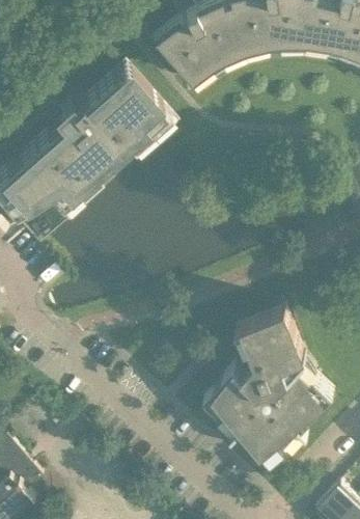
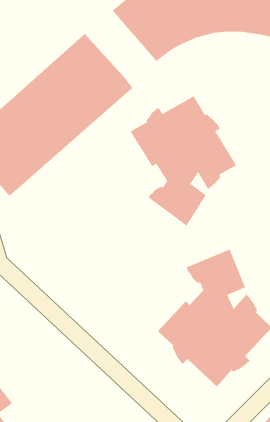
building: none -> [130,95,237,226]

